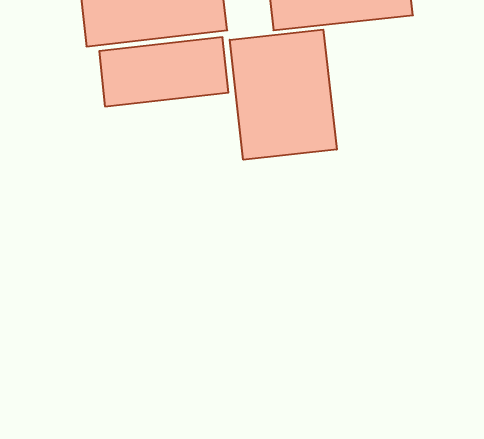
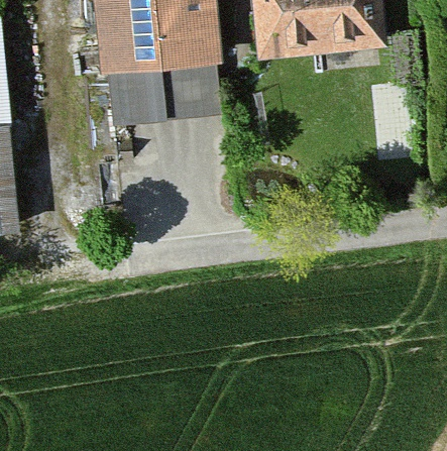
building: [230,30,337,160] -> none

